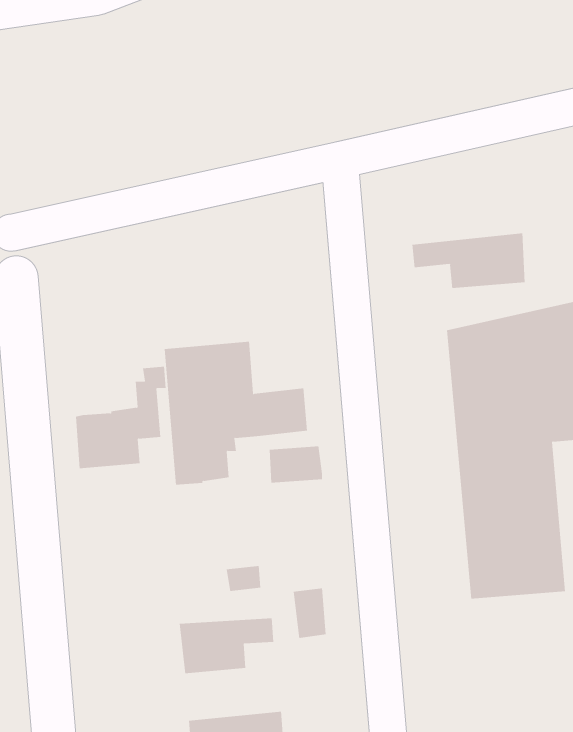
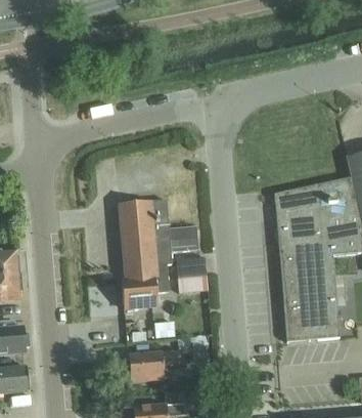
building: [412,233,525,289] -> none
building: [75,366,167,469] -> [122,252,172,308]

